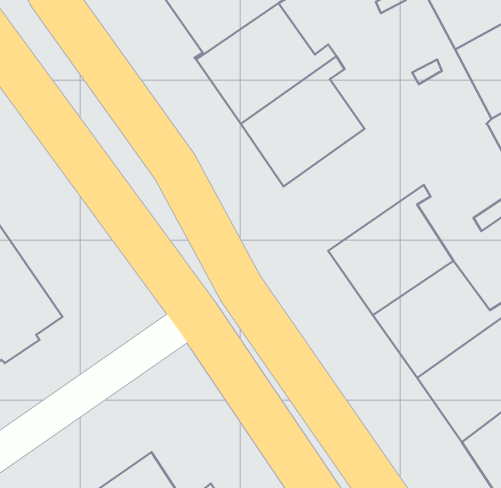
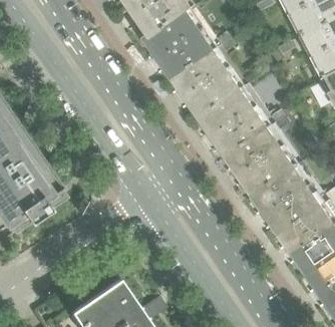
building: none -> [199,83,284,157]

